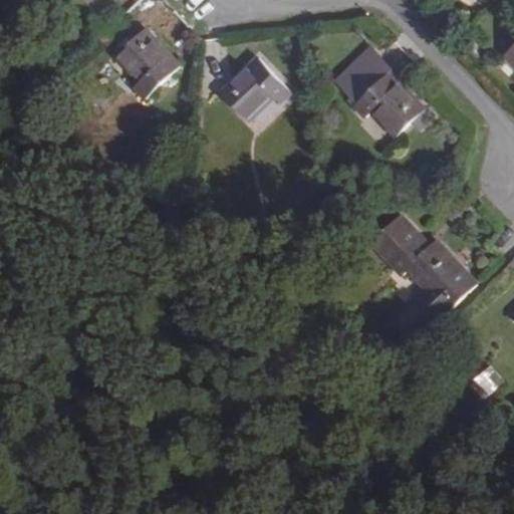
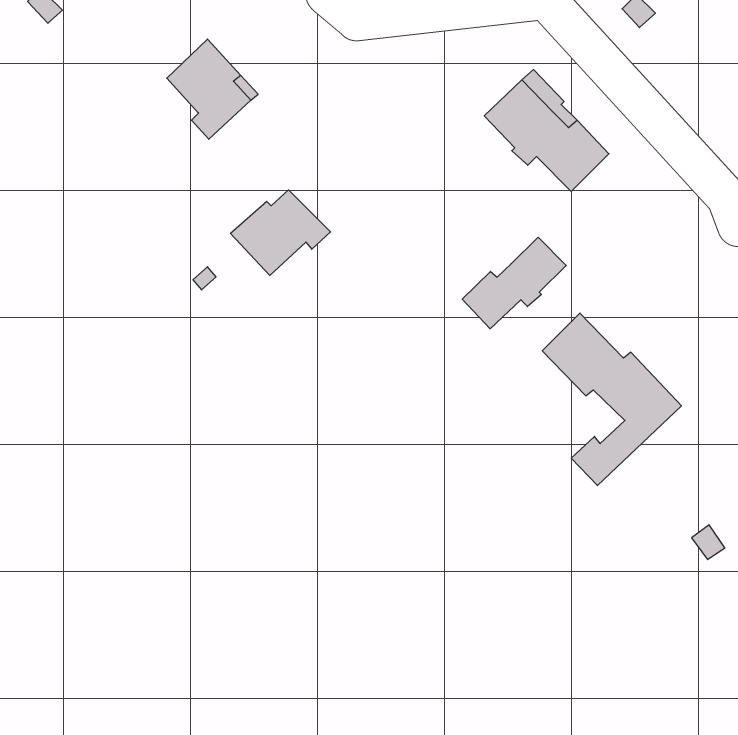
building: [221,60,290,119] -> [231,190,331,275]
building: none -> [462,237,566,329]

